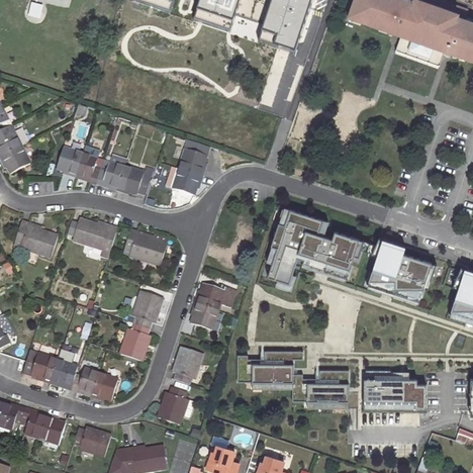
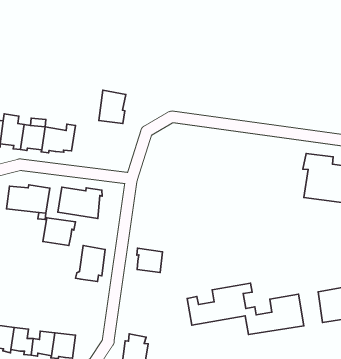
building: [164,166,201,195] -> none
building: [267,208,364,282] -> none
building: none -> [43,218,75,245]
building: [194,284,235,310] -> none
building: [118,323,150,361] -> none
building: [172,347,203,385] -> none

